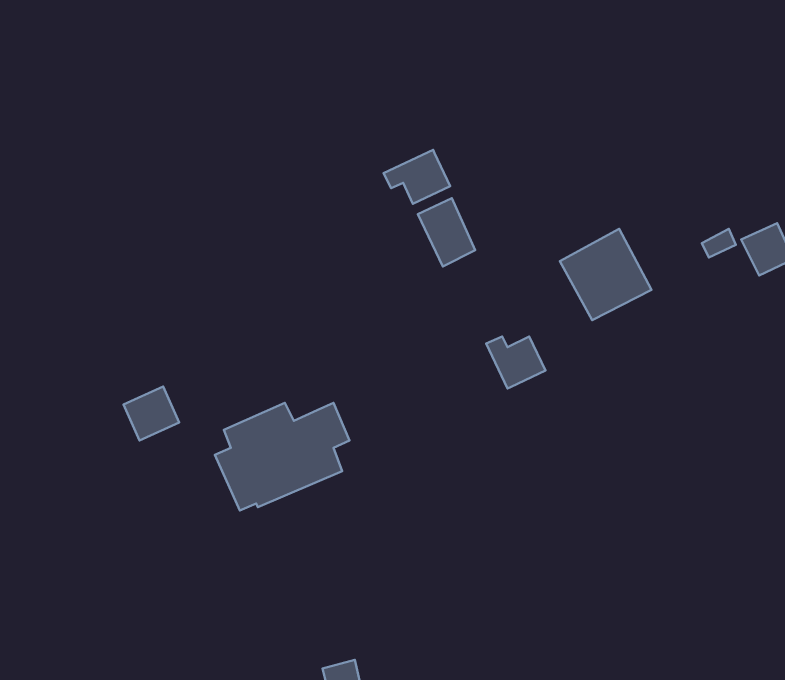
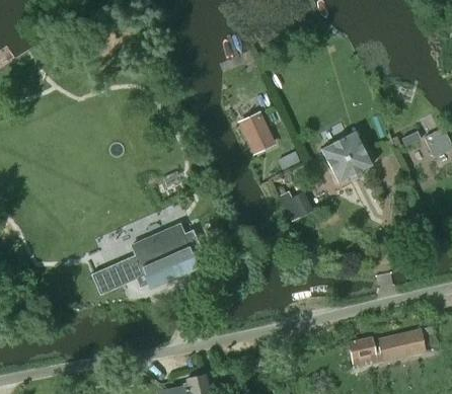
building: [383,150,450,204] -> none
building: [123,387,179,441] -> [91,264,123,295]
building: none -> [348,329,426,368]

